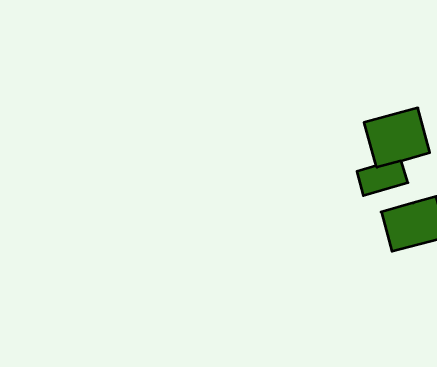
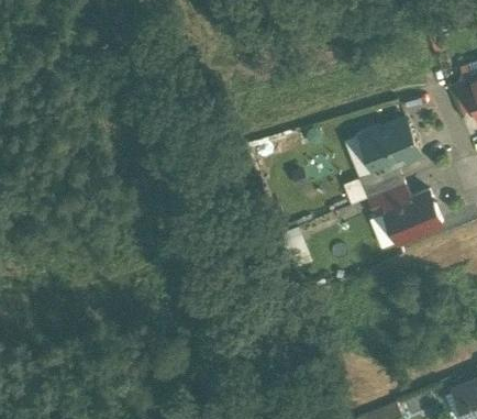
building: none -> [368,184,411,217]

